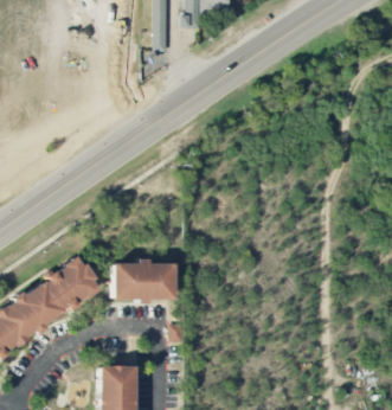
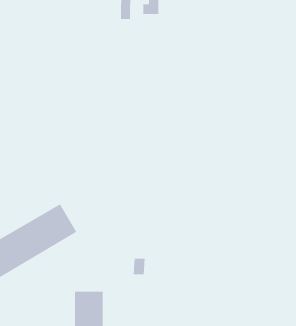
building: [111,261,172,303] -> none

